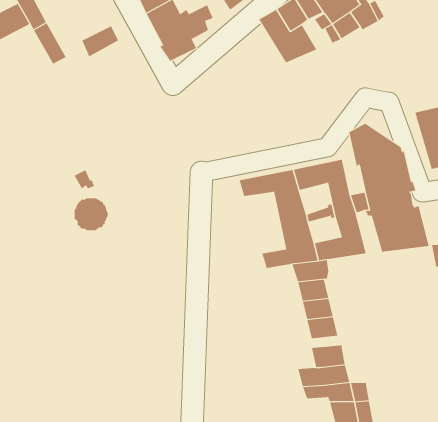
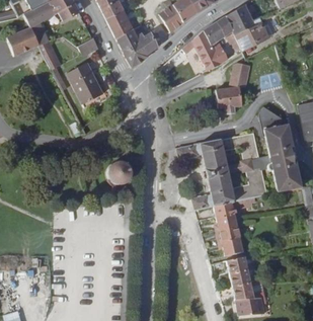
building: none -> [220,62,253,107]
building: none -> [68,63,103,103]
building: [74,198,108,231] -> [104,163,128,185]

